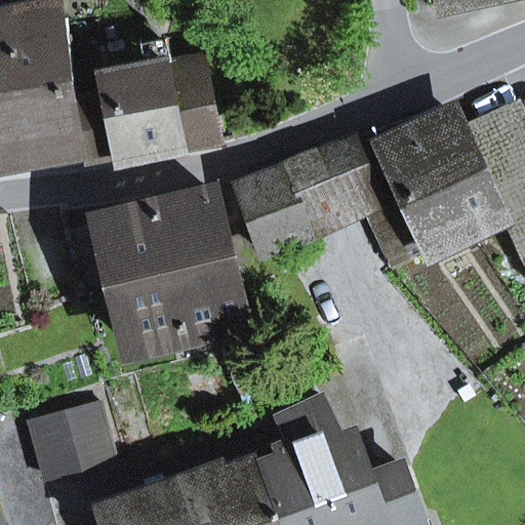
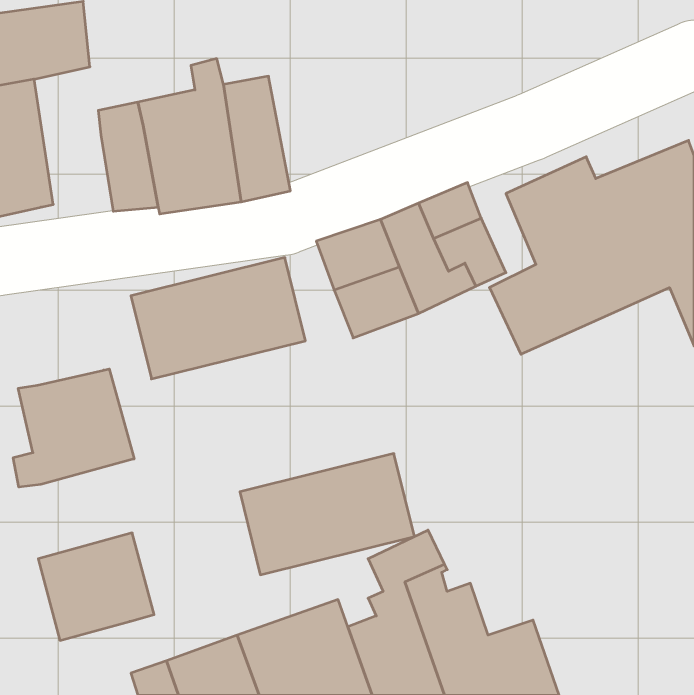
building: [26,50,85,169] -> none
building: [114,256,245,348] -> [240,454,414,575]
building: none -> [13,369,134,487]

